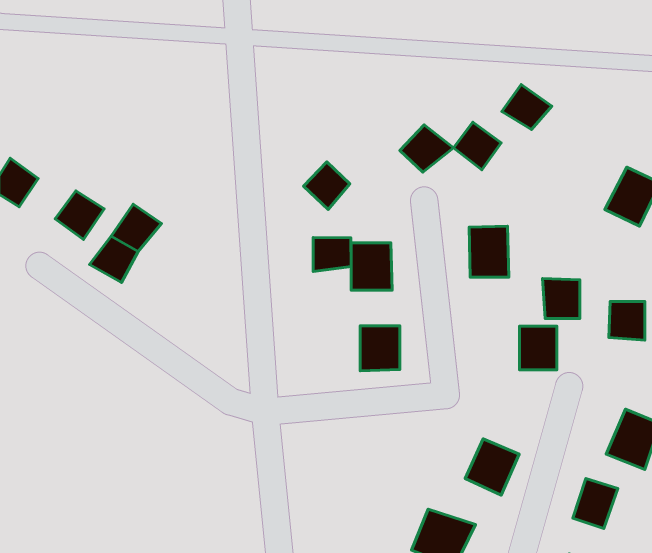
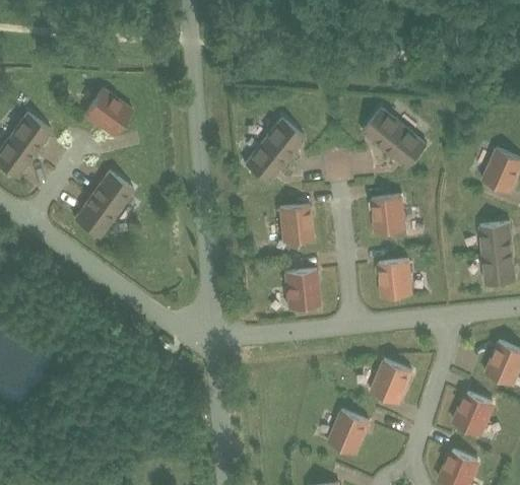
building: [502,85,552,129] -> [384,127,424,162]
building: none -> [85,91,131,136]
building: [400,125,454,172] -> [261,122,304,159]
building: [55,191,104,239] -> [10,117,49,155]
building: [313,237,351,272] -> none
building: [543,279,580,318] -> [483,221,513,253]
building: [520,326,557,370] -> [373,268,402,302]

